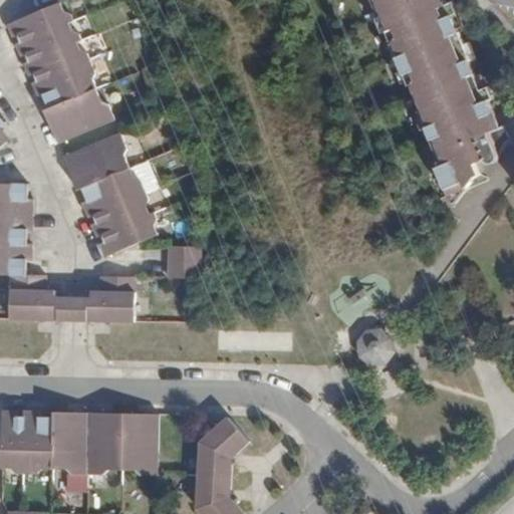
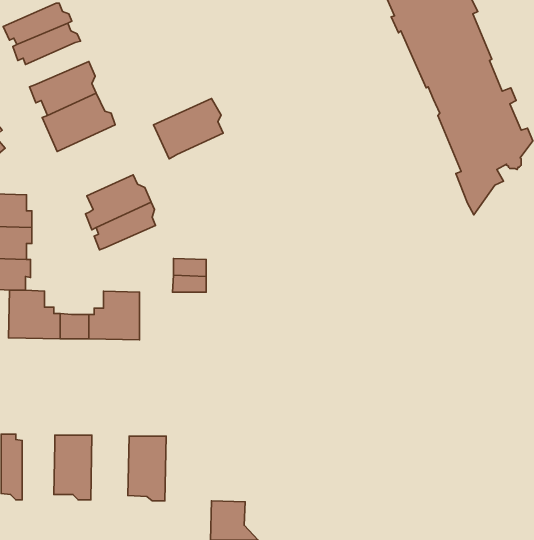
building: [20,40,84,80] -> none
building: [60,133,126,190] -> [153,98,223,159]
building: [97,212,155,256] -> none
building: [357,328,392,361] -> none
building: [21,412,52,474] -> none
building: [86,413,122,475] -> none
building: [201,417,249,476] -> none

